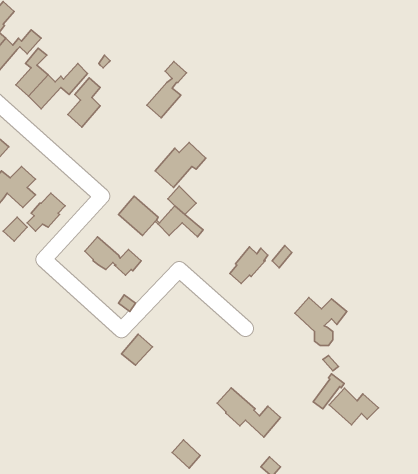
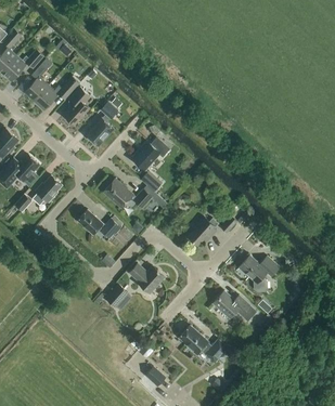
building: [147,61,186,118] -> [87,102,117,145]
building: none -> [129,263,165,293]
building: [329,388,378,425] -> [212,290,250,318]

